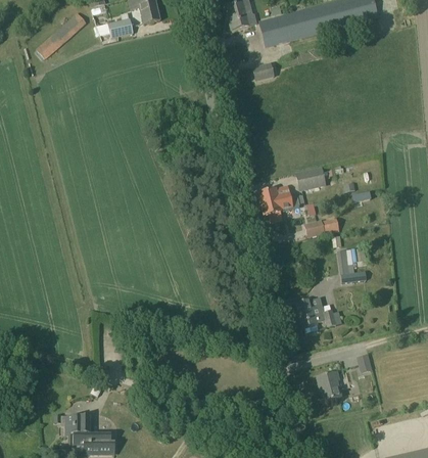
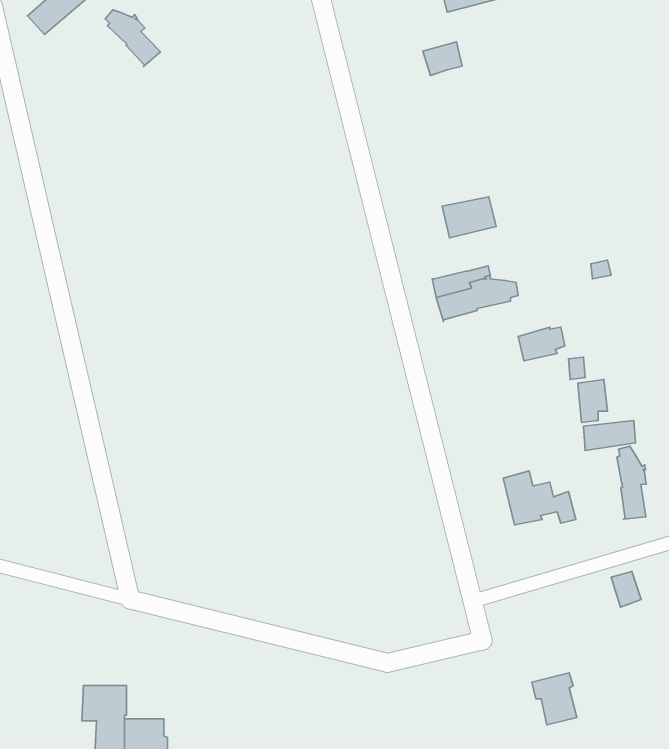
building: none -> [105,10,160,67]
building: [296,168,326,190] -> [442,197,496,238]
building: none -> [617,446,646,519]
building: [317,371,341,400] -> [532,673,577,725]

